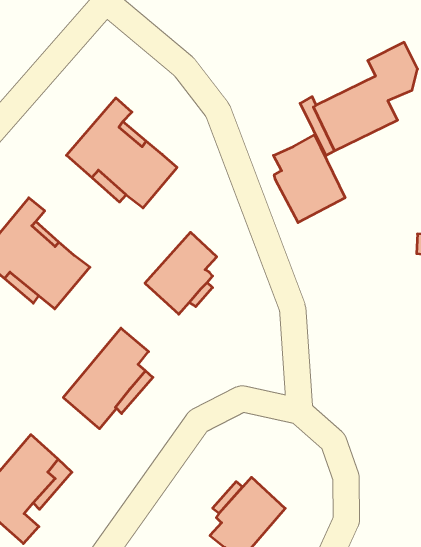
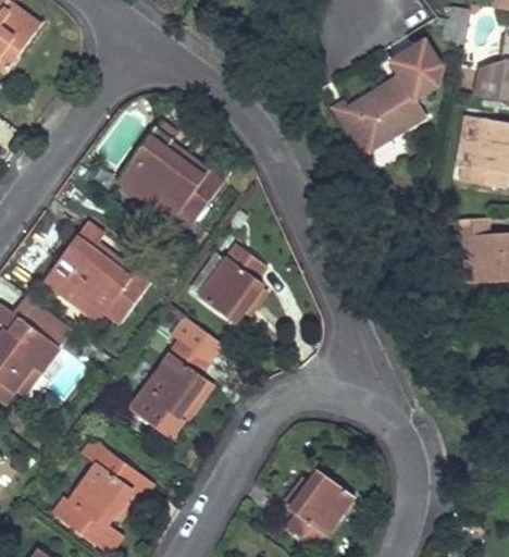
building: [273,135,345,223] -> none

